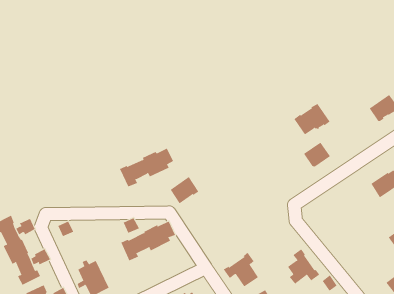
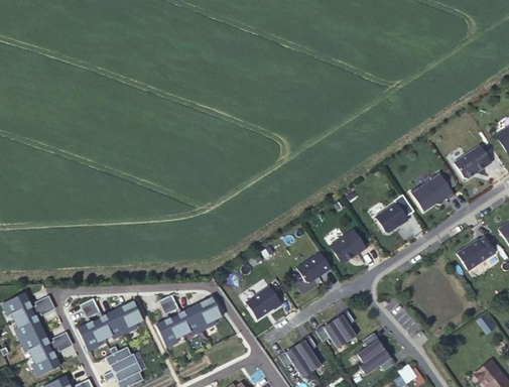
building: [293,103,330,135] -> [410,172,455,211]
building: [119,148,174,187] -> [78,301,143,349]
building: none -> [331,230,366,262]
building: [170,176,199,204] -> [246,285,281,318]
building: none -> [297,253,332,282]
building: none -> [315,308,356,347]

